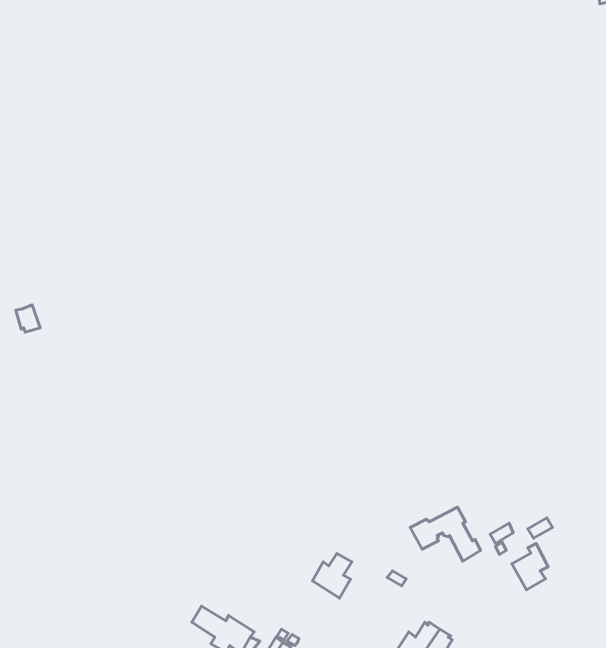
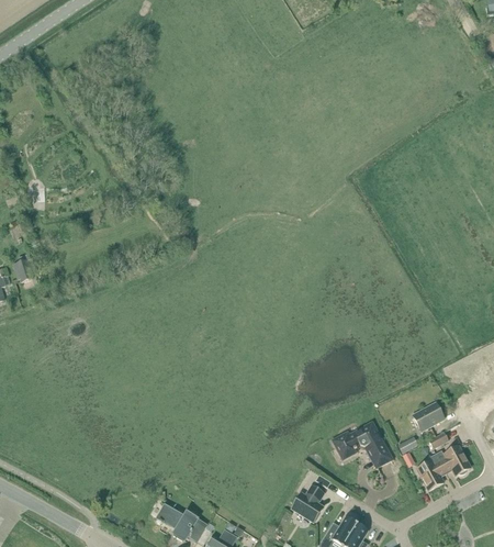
building: none -> [413,402,444,431]
building: none -> [436,446,470,476]
building: [312,554,352,598] -> [292,485,324,522]

